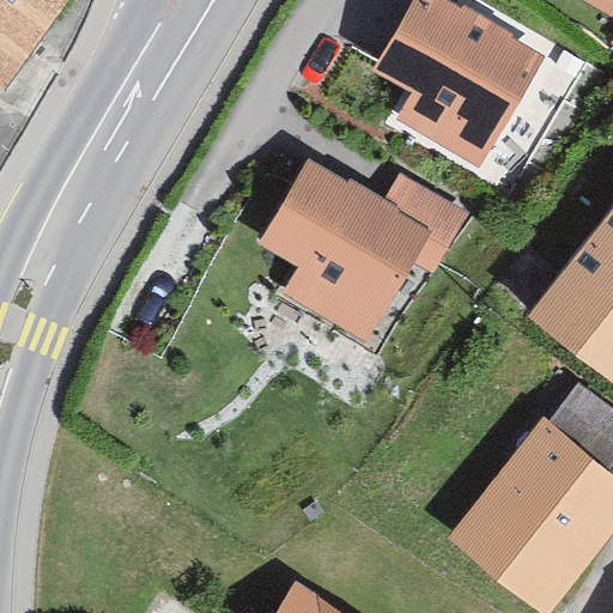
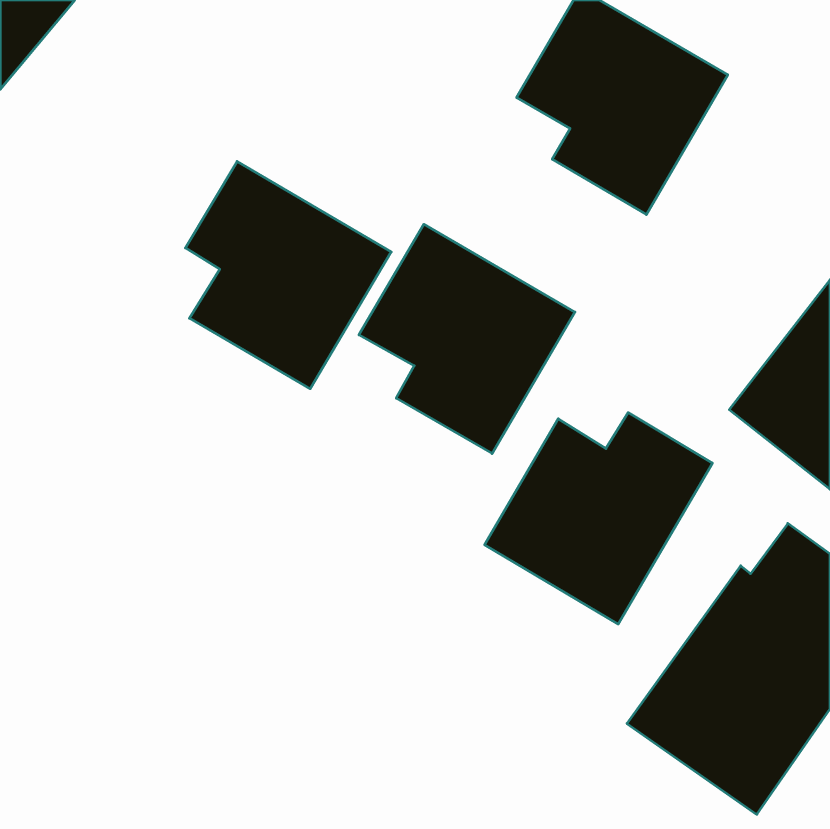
building: none -> [185,161,391,389]
building: none -> [485,413,712,624]

